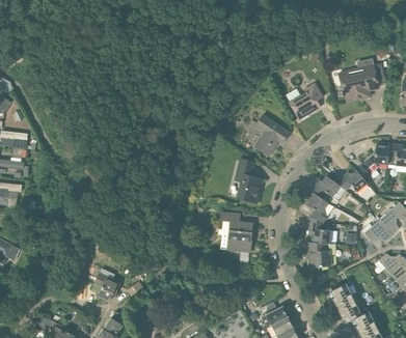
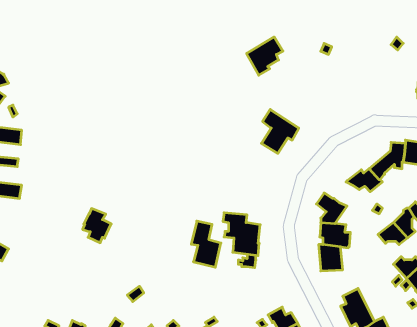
building: [339,64,378,101] -> none
building: [288,83,322,119] -> [247,37,283,75]
building: [234,159,262,202] -> [191,221,221,267]
building: [310,175,346,205] -> none
building: [92,269,119,301] -> [83,209,111,243]

